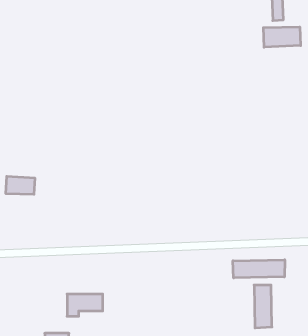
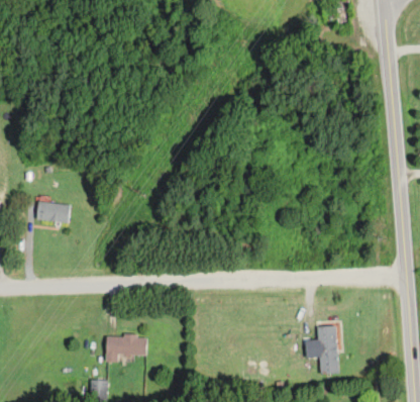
building: [263,27,301,47] -> none
building: [233,260,285,278] -> none

